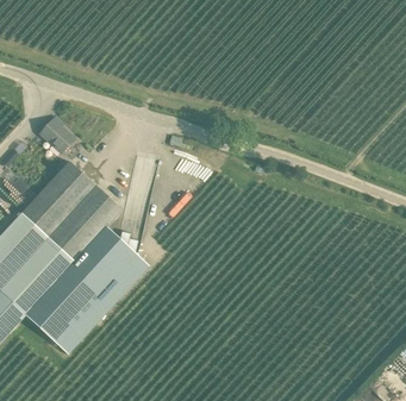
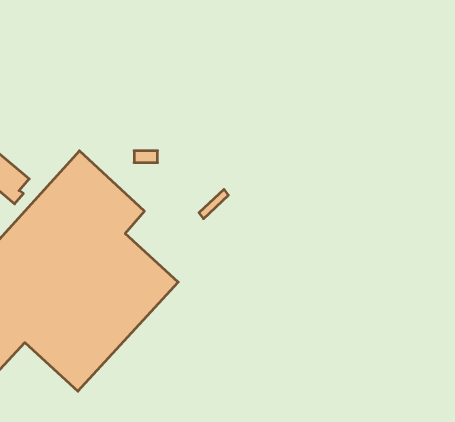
building: [39,115,74,151] -> none

